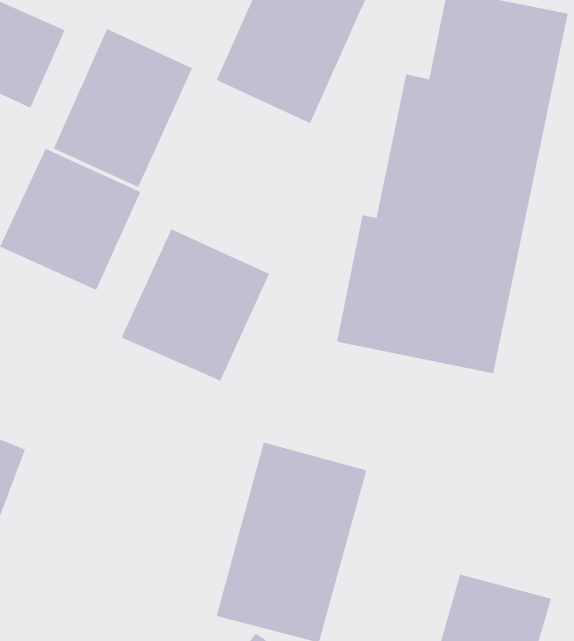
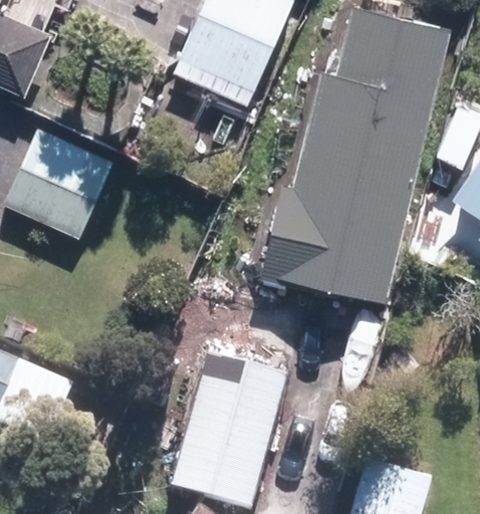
building: [53,28,193,188] -> none
building: [121,229,270,382] -> none

